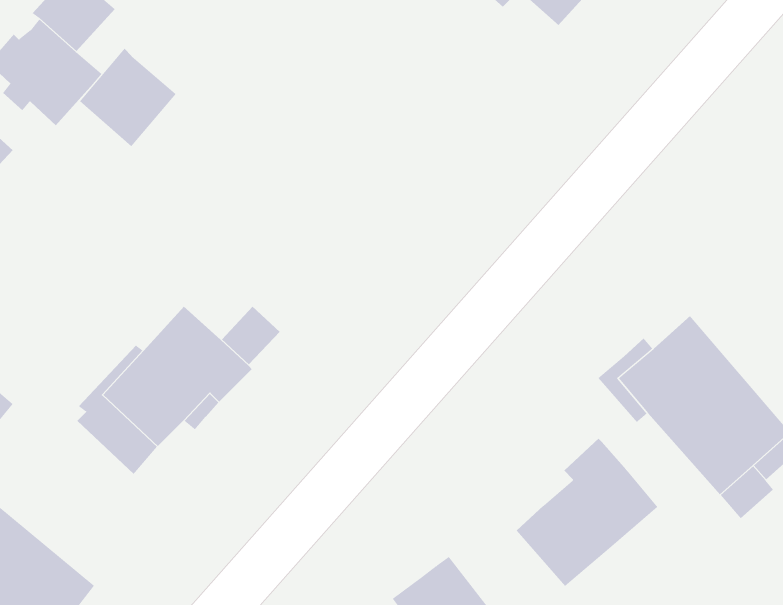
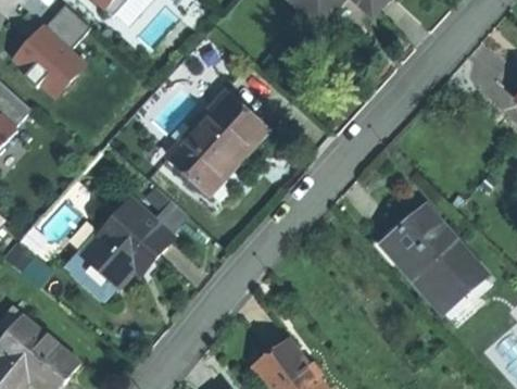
building: [79,48,176,147] -> none
building: none -> [168,92,265,189]
building: [516,438,658,587] -> none

